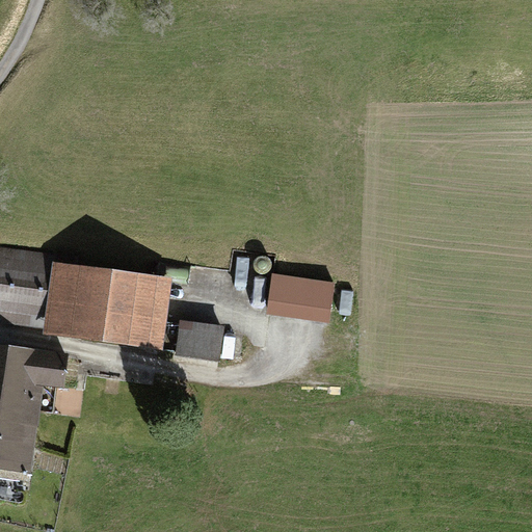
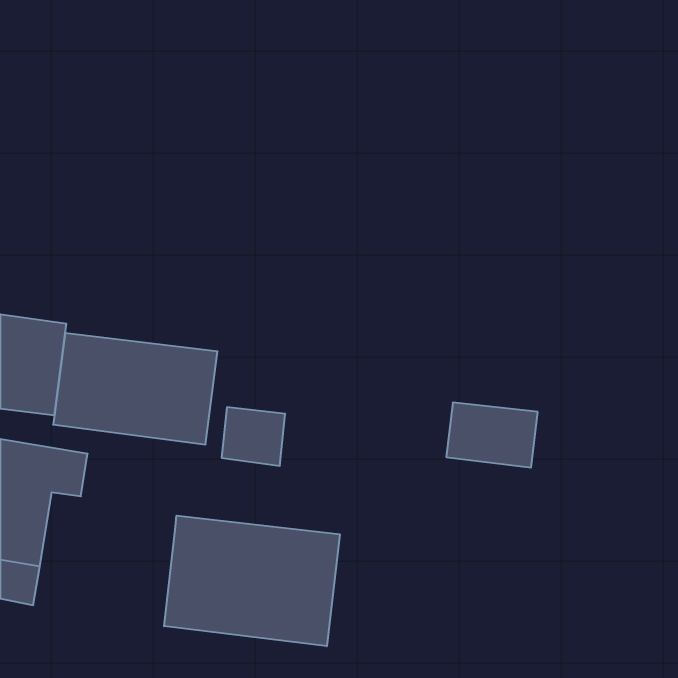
building: [264,273,336,324] -> [446,403,538,468]
building: none -> [164,516,340,646]

